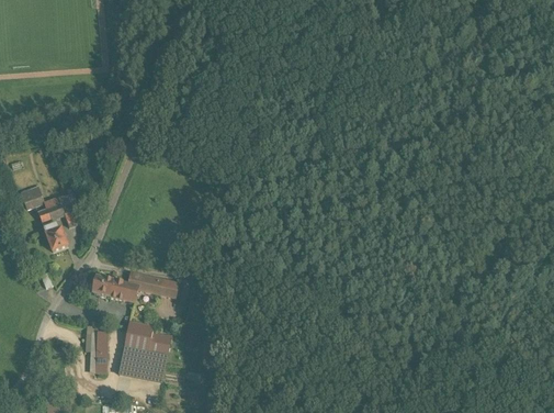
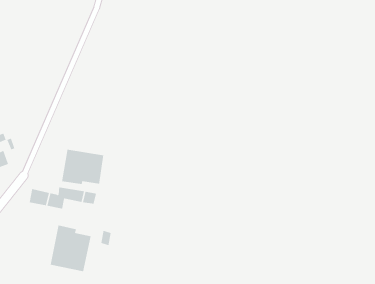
building: none -> [61,149,104,185]
building: [84,325,109,371] -> none

